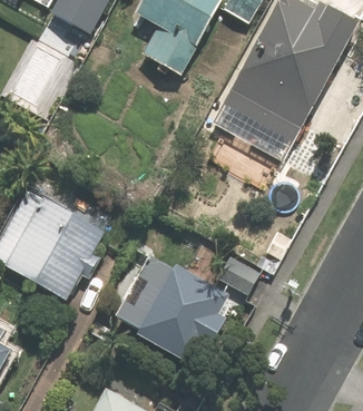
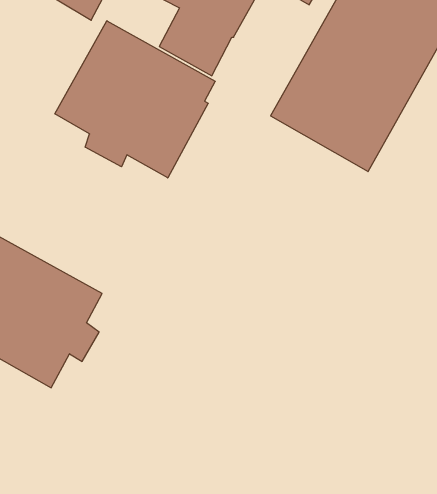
building: none -> [55,21,215,178]
building: [116,258,229,365] -> none

